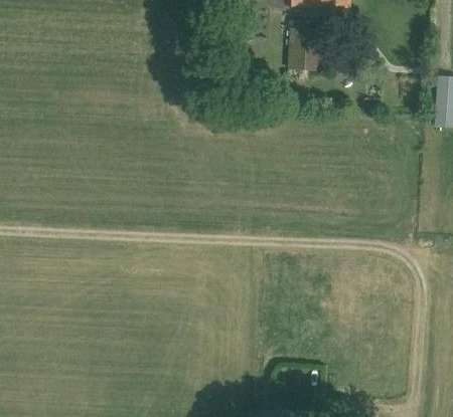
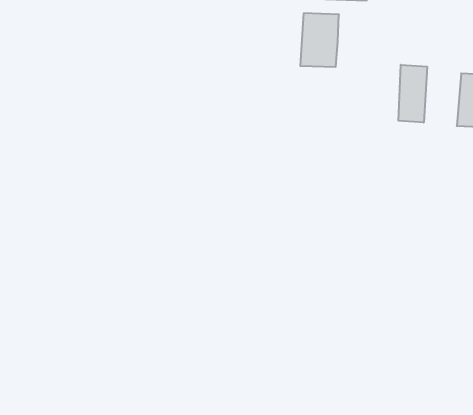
building: none -> [399,65,427,123]

